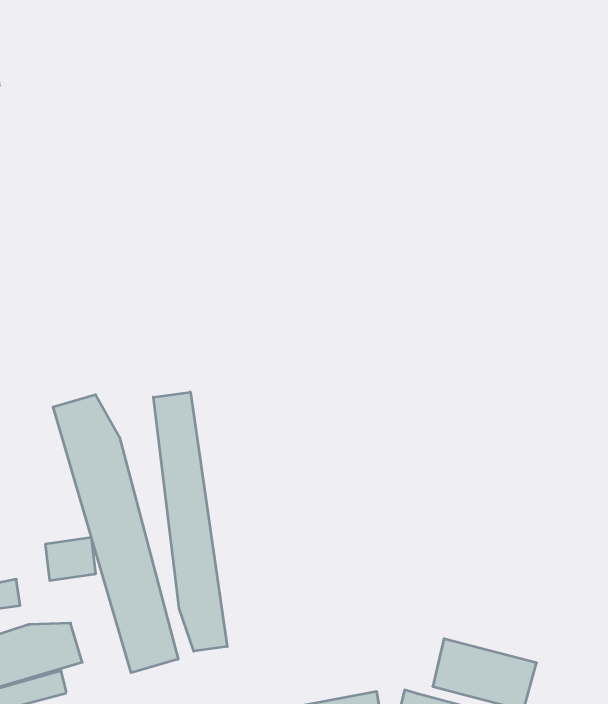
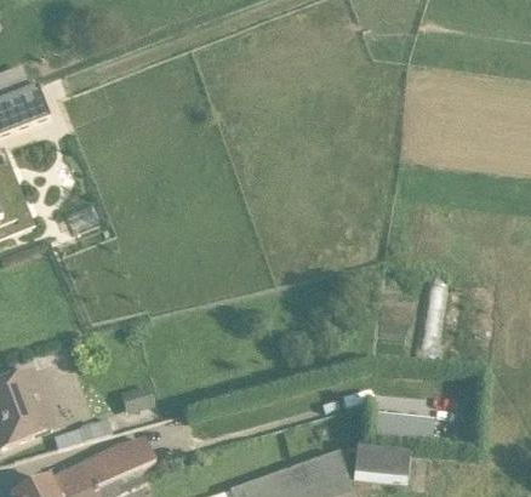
building: [153,392,227,651] -> none
building: [53,395,178,673] -> none

